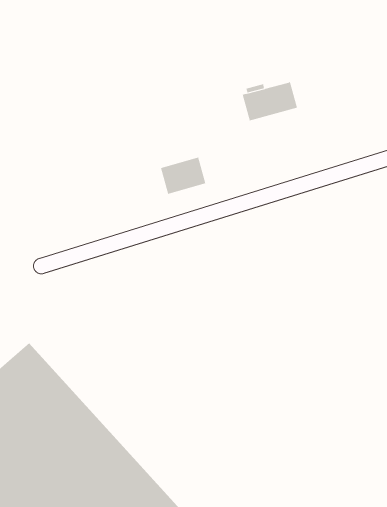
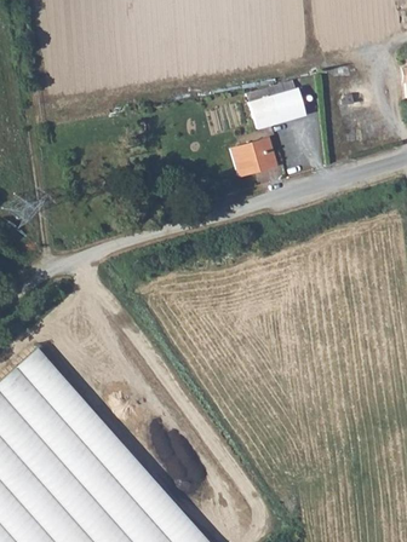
building: [160,157,206,194] -> [231,139,277,177]

